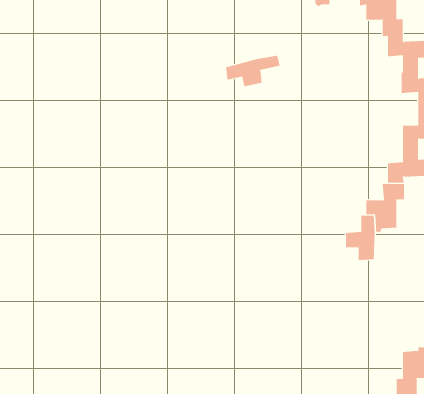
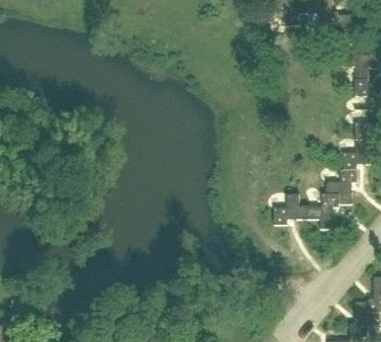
building: [226,55,280,87] -> none
building: none -> [274,193,309,225]

